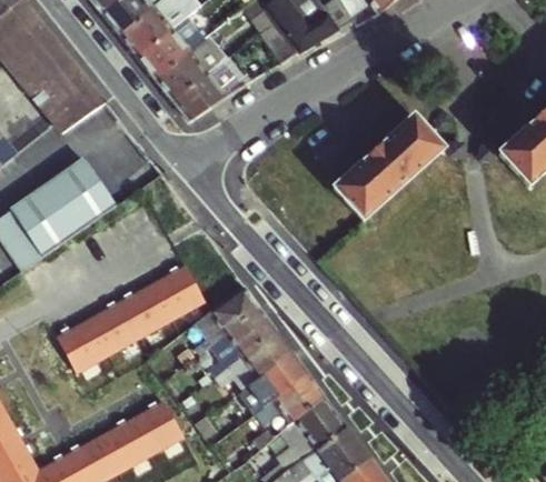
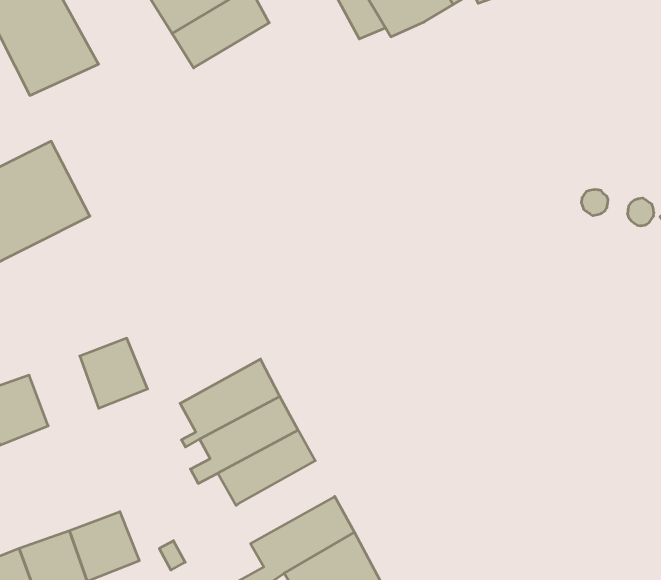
building: [171,58,254,119] -> none
building: [335,116,441,218] -> none
building: [152,267,203,317] -> none
building: [90,301,140,351] -> none
building: [241,349,308,419] -> none

